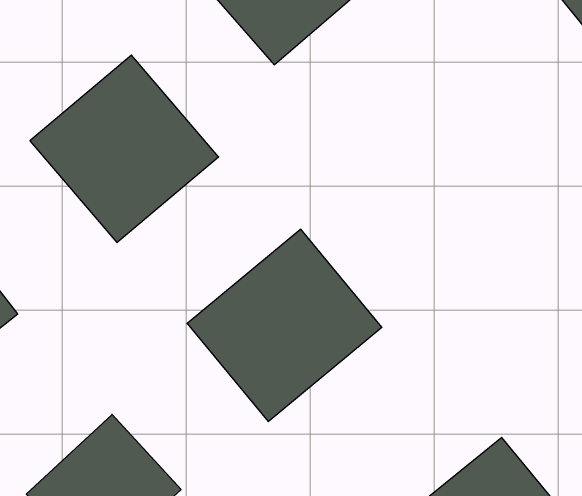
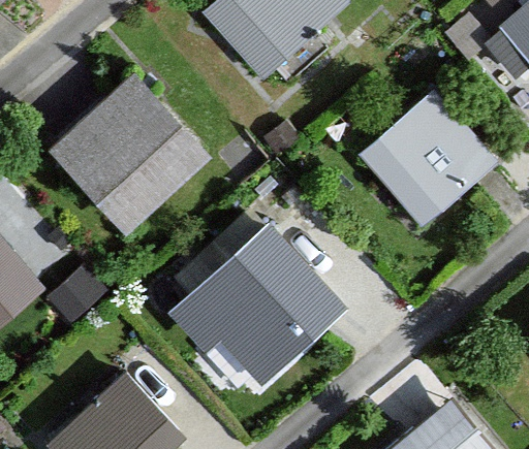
building: none -> [355,92,496,232]

